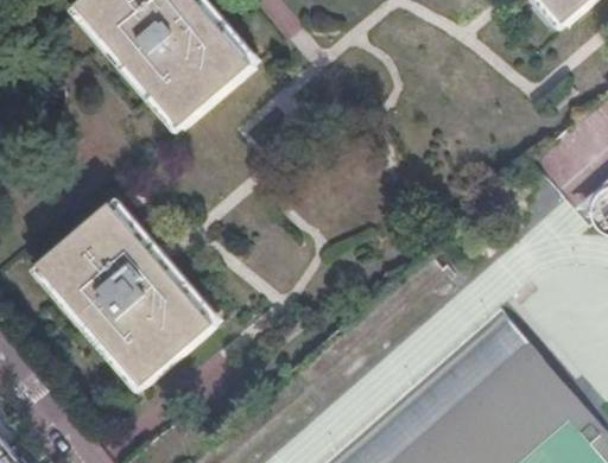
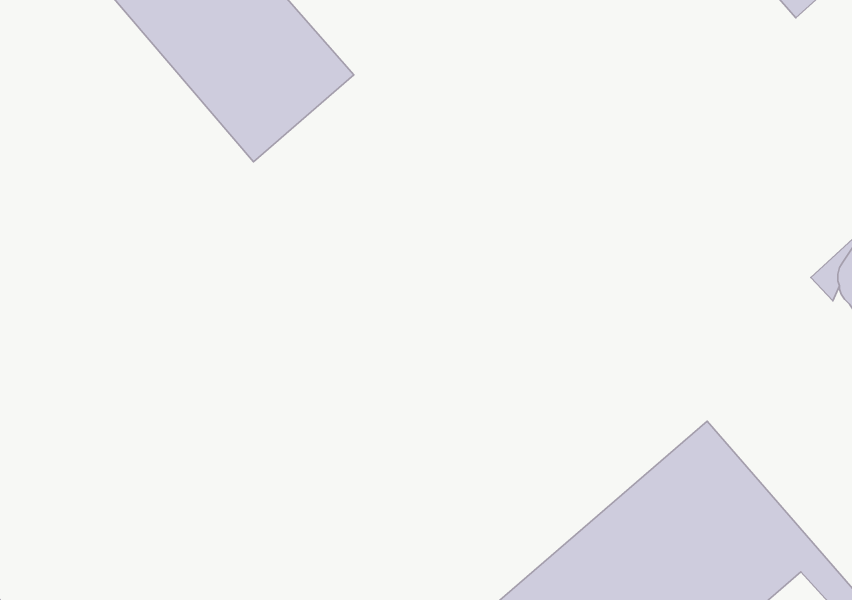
building: [39,207,216,391] -> none

